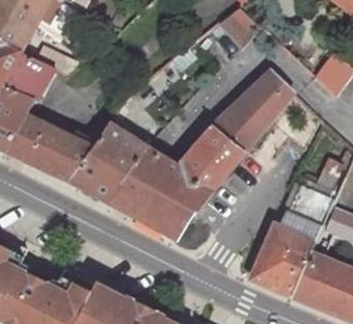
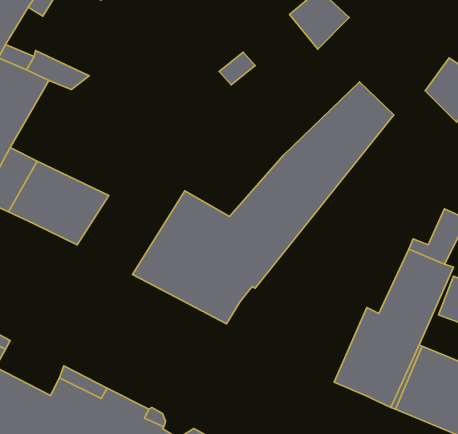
building: [72,124,146,204] -> none

